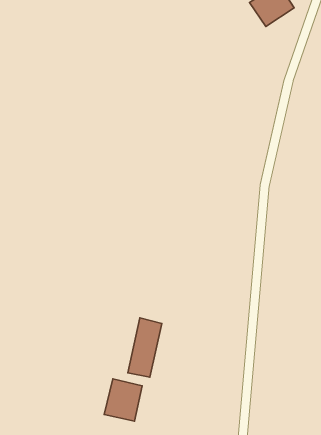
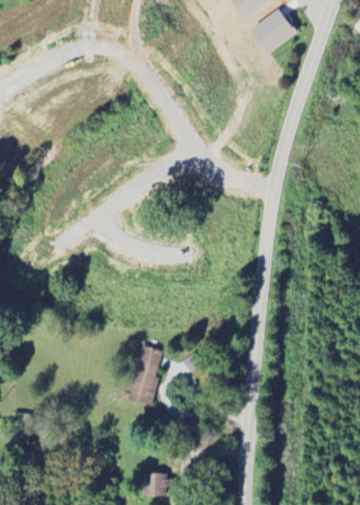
building: [104,379,142,421] -> none

